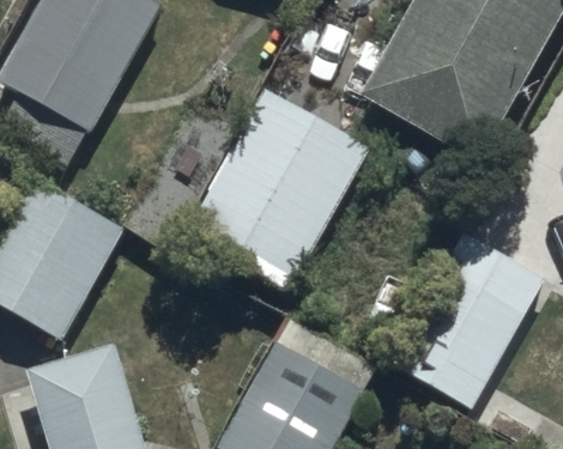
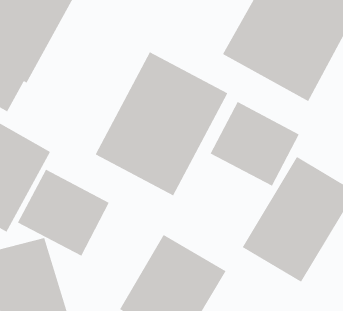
building: none -> [210,101,300,187]
building: none -> [17,169,110,256]

